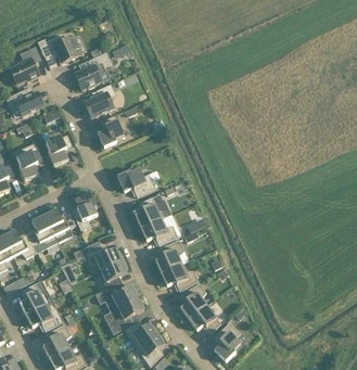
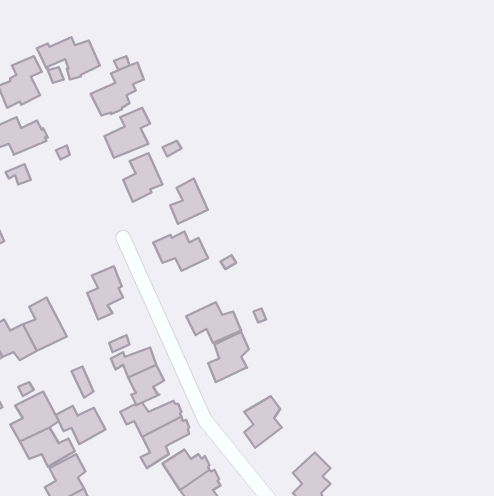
building: [46,133,73,166] -> none
building: [16,142,43,181] -> none
building: [135,196,161,228] -> [170,178,208,224]
building: [43,209,75,242] -> none
building: [161,264,197,292] -> none
building: none -> [56,406,105,444]
building: [188,305,220,333] -> none

